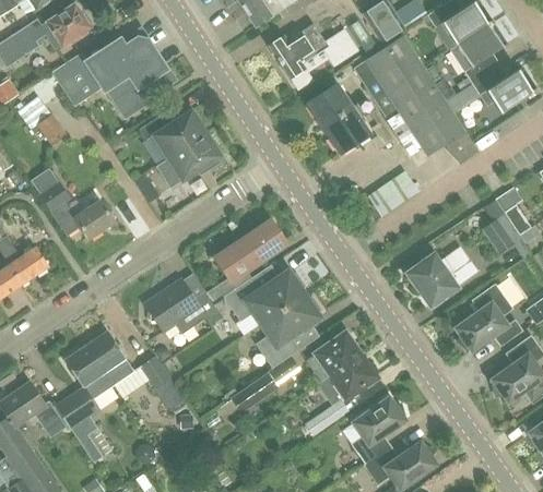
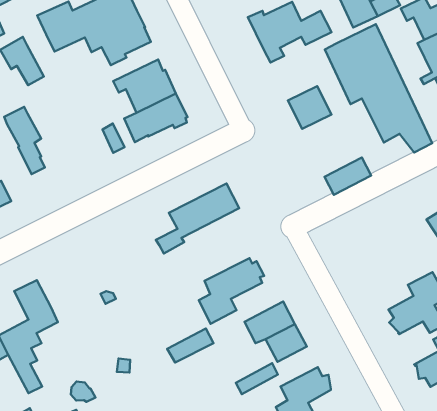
building: [307,83,351,125] -> none
building: [73,200,114,240] -> none
building: [408,255,476,305] -> none
building: [225,271,305,323] -> none
building: [144,279,221,334] -> none
building: [86,331,134,385] -> none
building: [139,356,187,411] -> none

